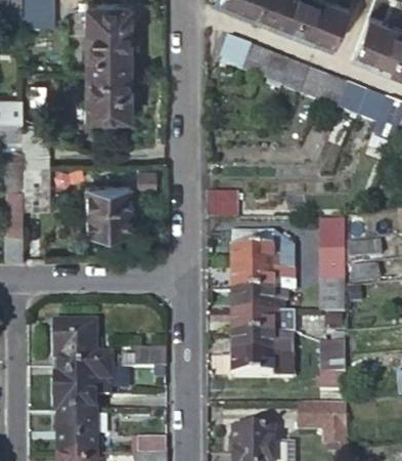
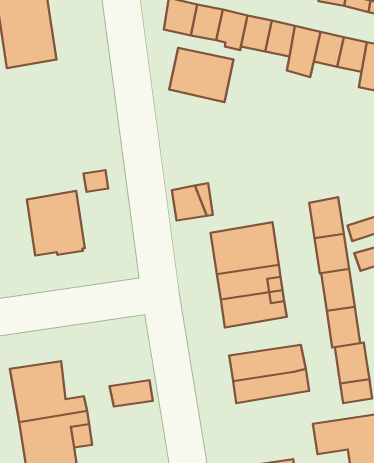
building: [87,74,129,117] -> none
building: none -> [169,48,234,102]
building: [234,315,297,339] -> none

